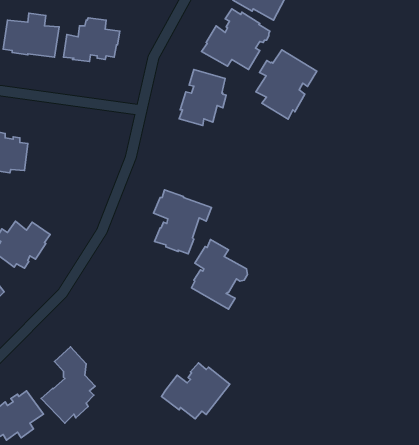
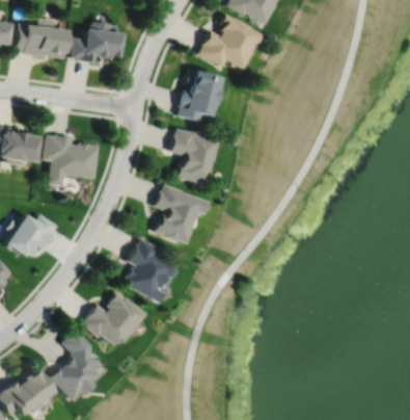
building: [256,50,317,119] -> none
building: none -> [171,127,218,183]
building: none -> [44,137,98,185]
building: [192,240,248,309] -> [124,238,175,303]
building: [161,363,230,419] -> [82,292,145,344]

